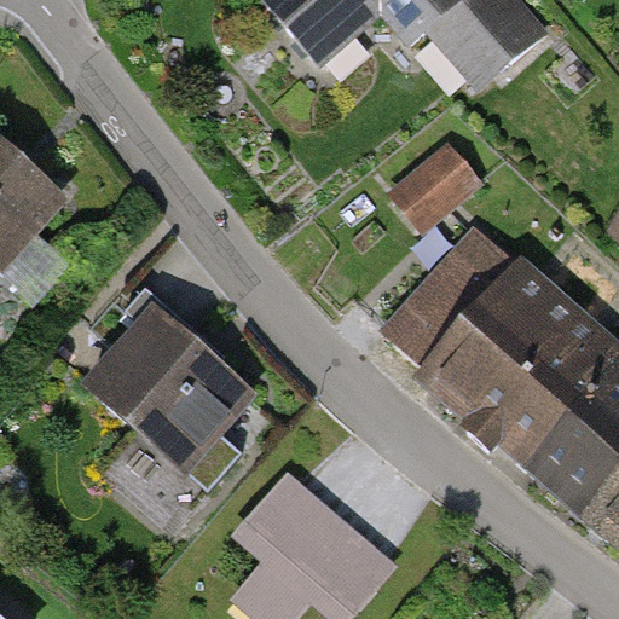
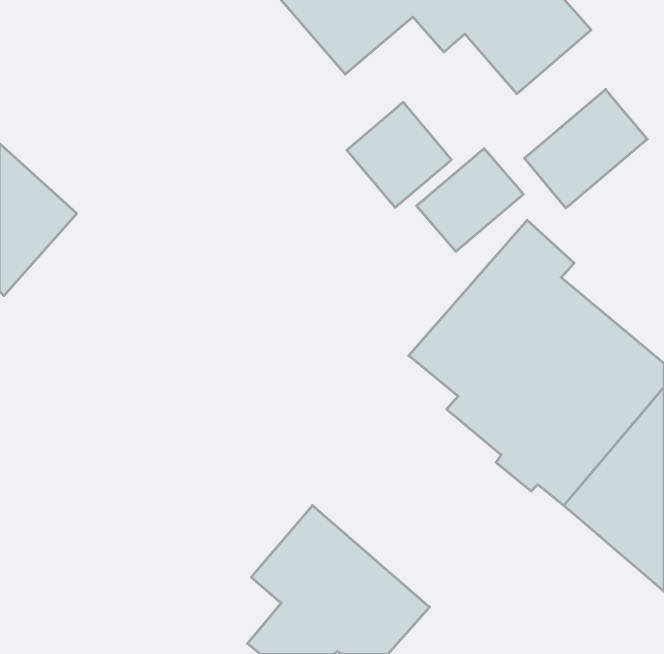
building: none -> [524,89,647,208]
building: none -> [347,102,452,207]
building: [82,303,260,479] -> none

